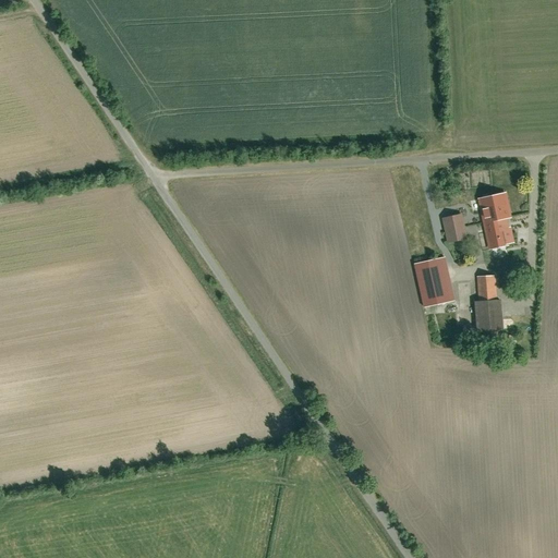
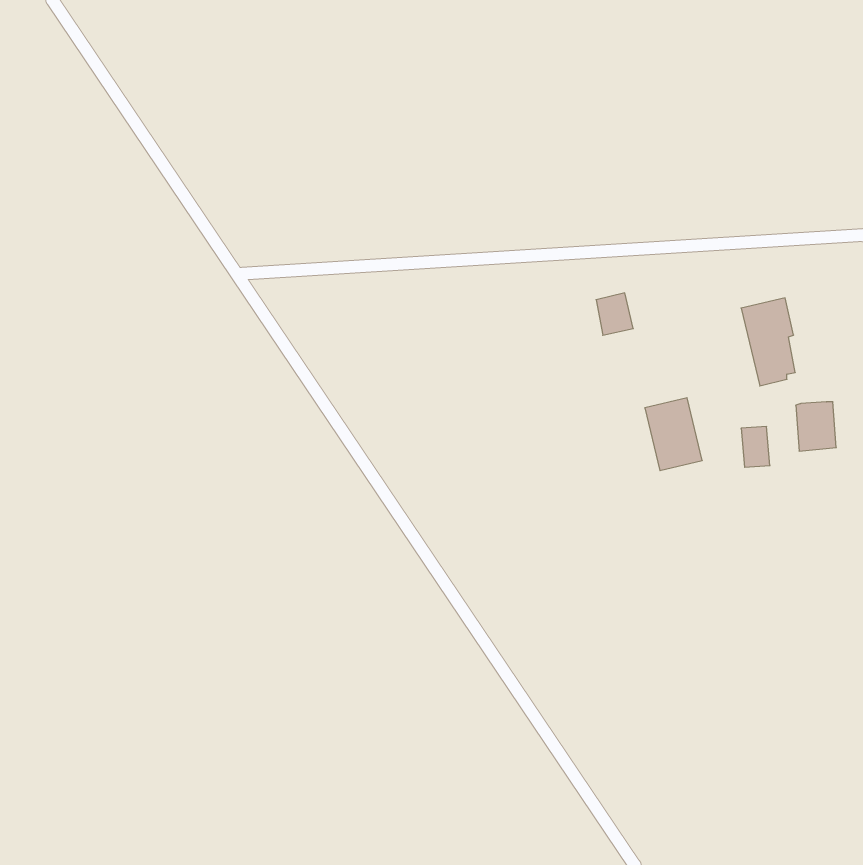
building: [442,214,466,241] -> [596,293,633,335]
building: [476,300,502,331] -> [796,402,836,451]

